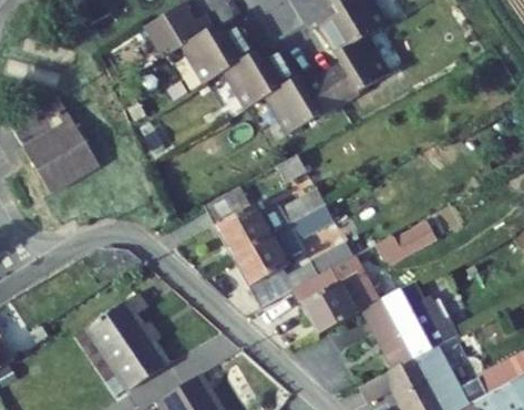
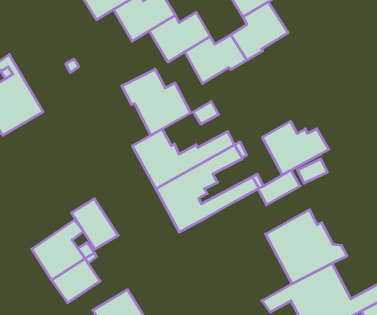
building: none -> [122,69,191,135]
building: none -> [72,199,118,249]
building: [292,271,371,335] -> [262,121,329,175]

